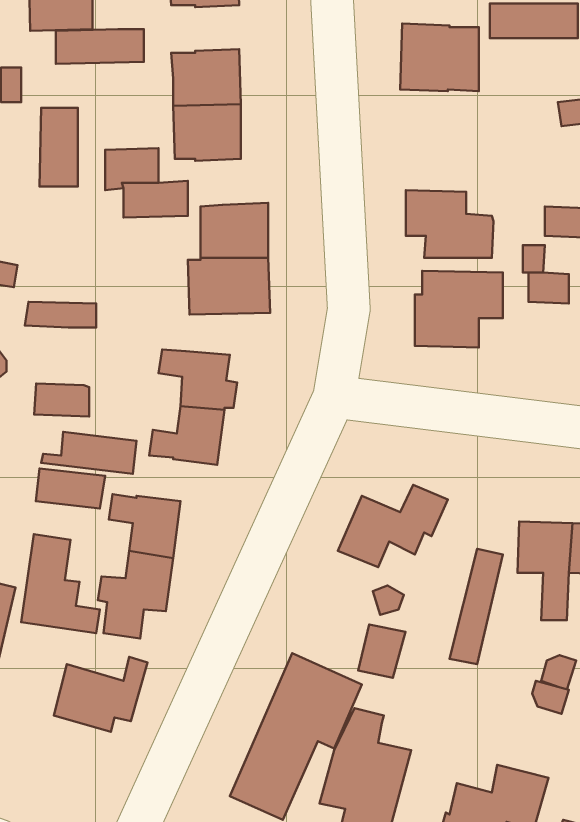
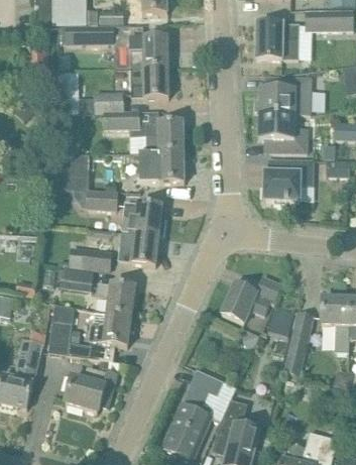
building: none -> [255,76,313,115]
building: [34,383,89,416] -> [86,191,116,209]
building: [358,625,406,678] -> [268,306,294,335]

